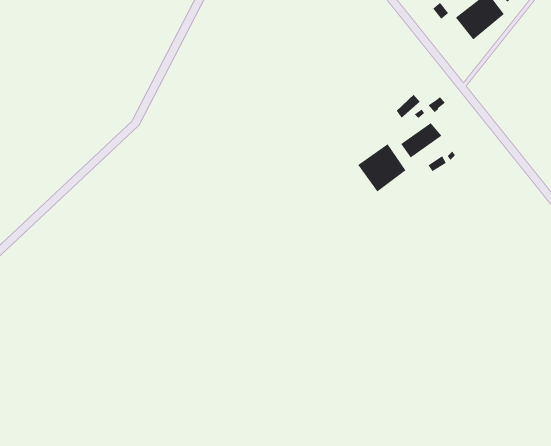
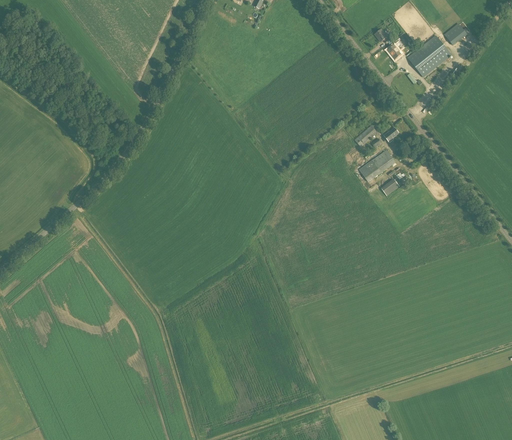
building: [357,143,407,192] -> none

